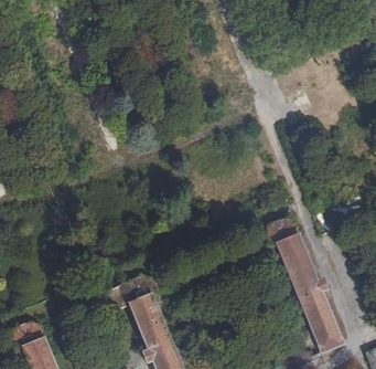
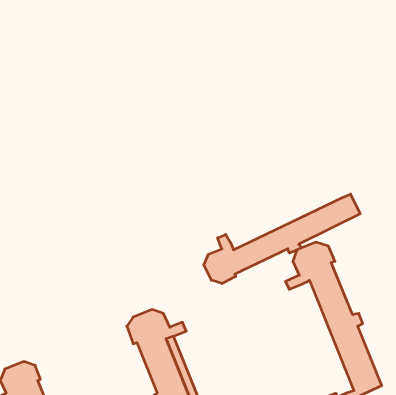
building: none -> [204,194,360,284]

